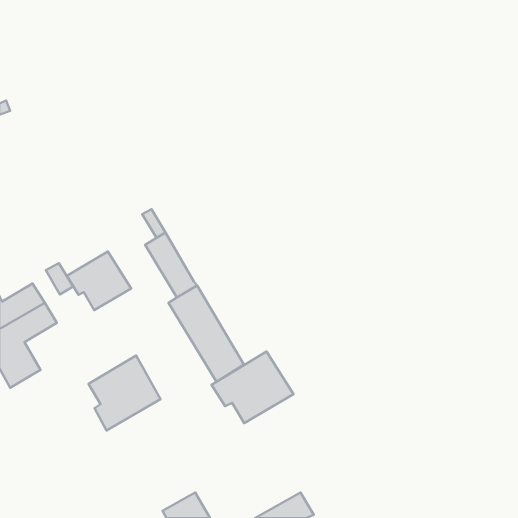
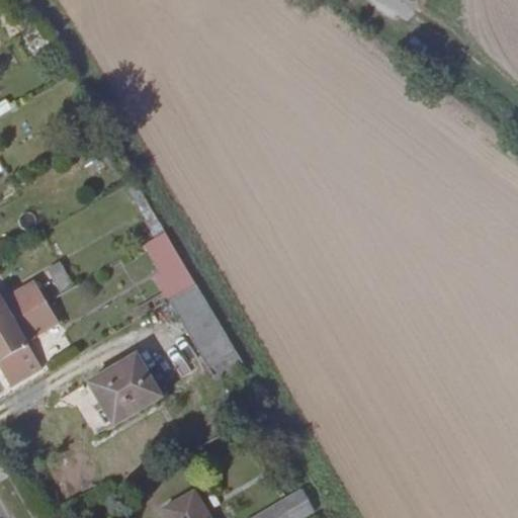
building: [67,251,131,310] -> none
building: [211,352,293,423] -> none

